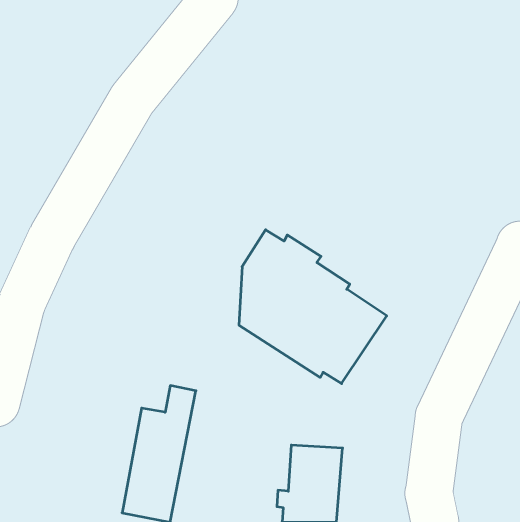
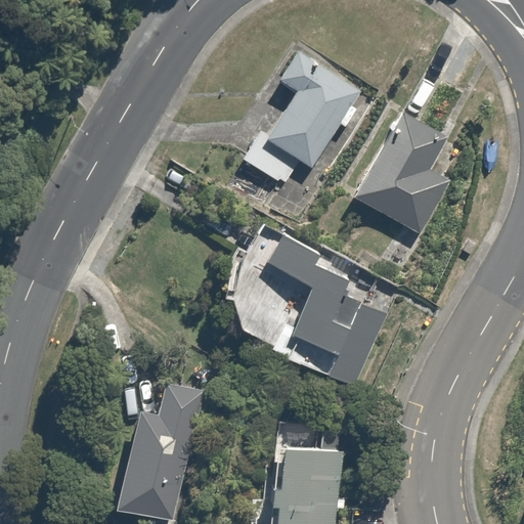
building: none -> [241,45,362,185]
building: none -> [355,113,450,234]

